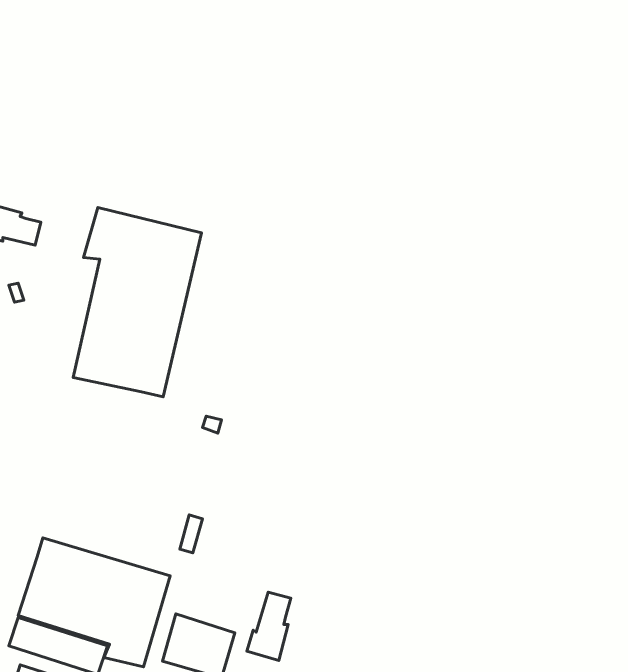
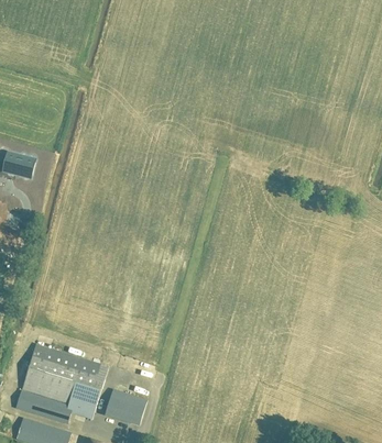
building: [73,208,202,397] -> none
building: [247,592,291,661] -> none

